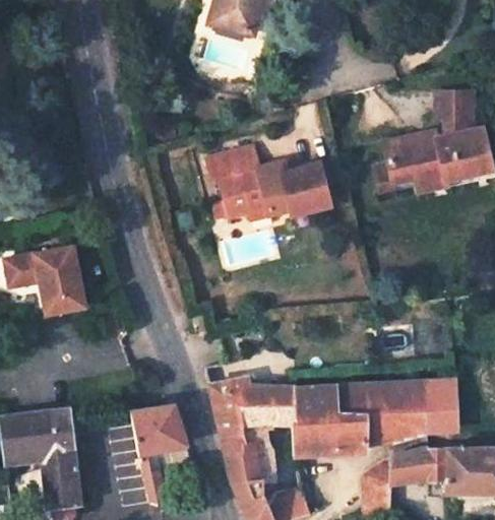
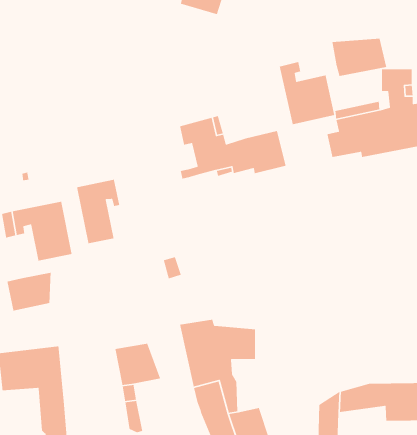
building: none -> [331,38,387,77]
building: none -> [279,61,335,125]
building: none -> [76,179,120,244]
building: none -> [7,272,52,312]
building: [295,381,454,455] -> none

